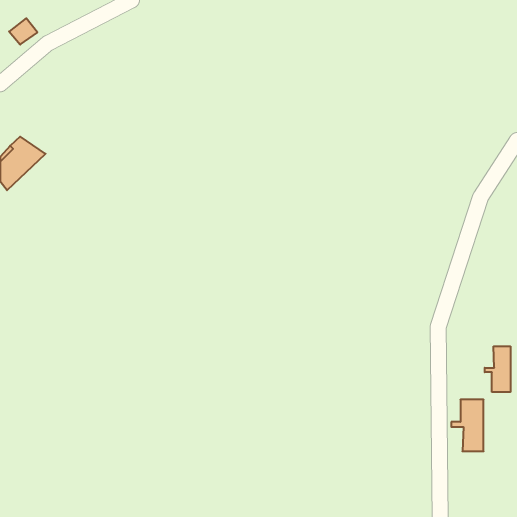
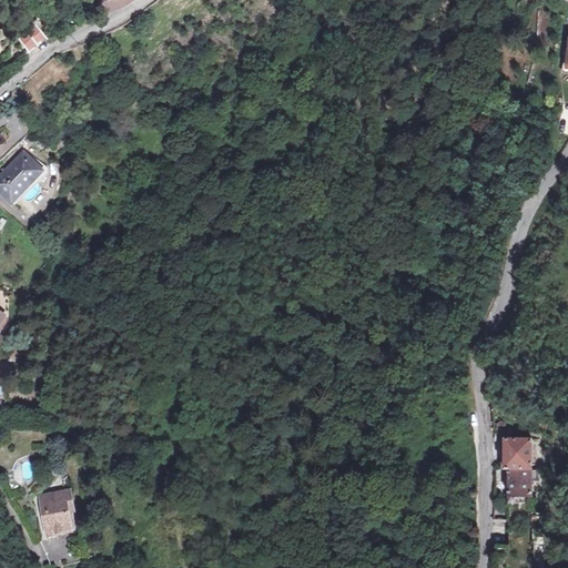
building: [485,346,510,392] -> none
building: none -> [38,493,70,536]

